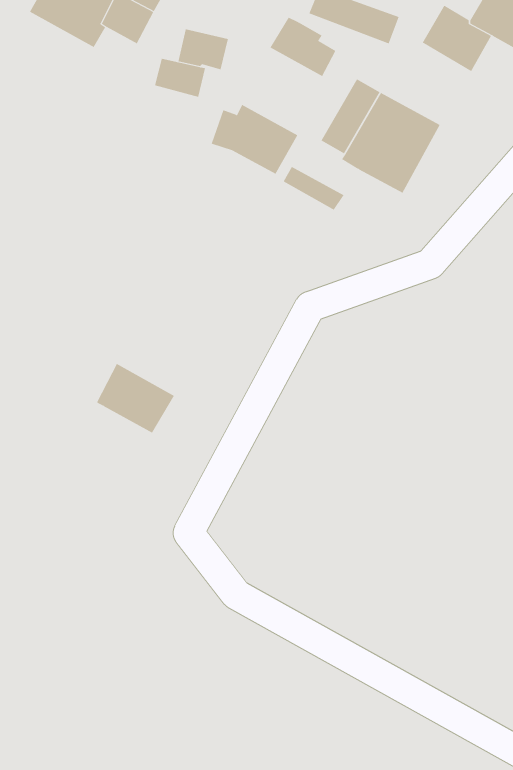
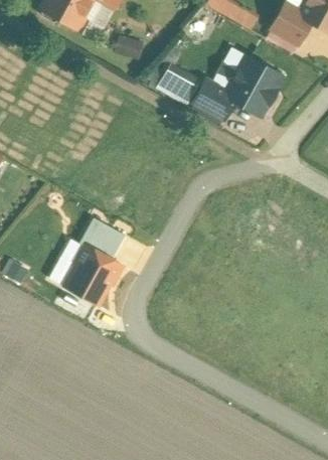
building: [269,17,336,77] -> [195,82,234,117]
building: [178,28,228,70] -> none
building: none -> [61,241,124,306]

